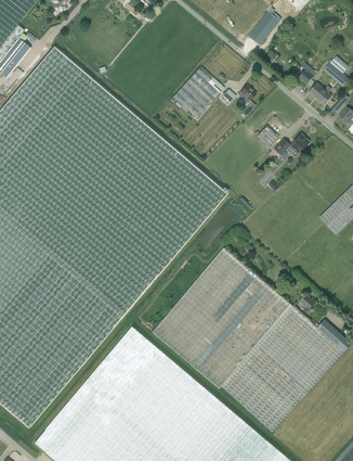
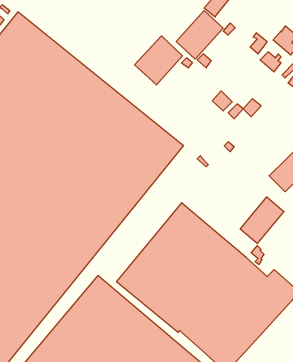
building: none -> [176,11,223,59]
building: none -> [240,197,284,244]

